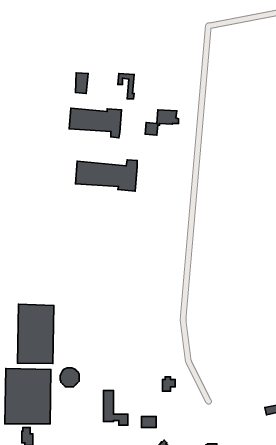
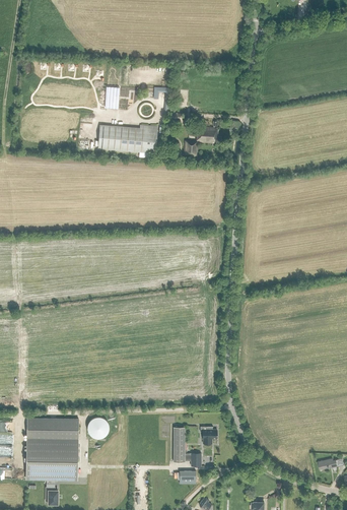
building: [75,160,137,191] -> none
building: [17,304,54,364] -> none
building: [104,391,128,425] -> [172,426,200,464]

